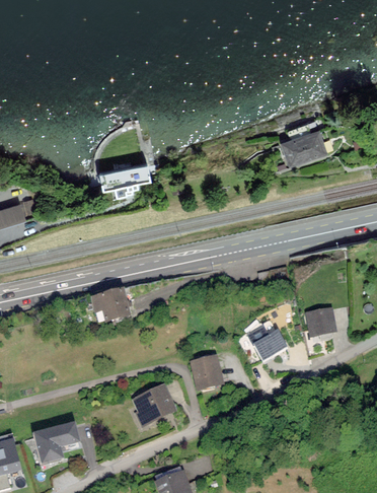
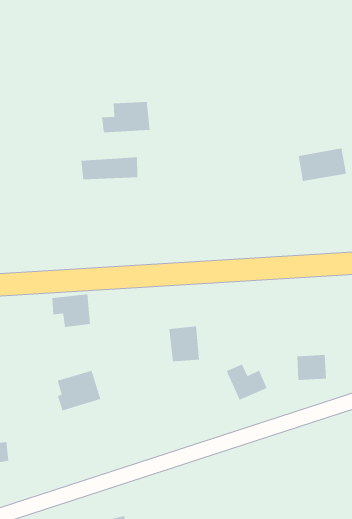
building: none -> [101,101,150,133]
building: [191,354,221,388] -> [169,326,200,362]
building: [135,384,174,423] -> [57,370,101,411]

